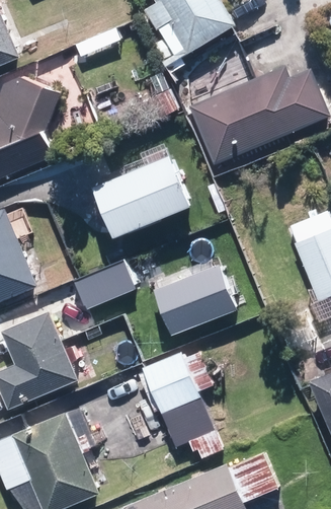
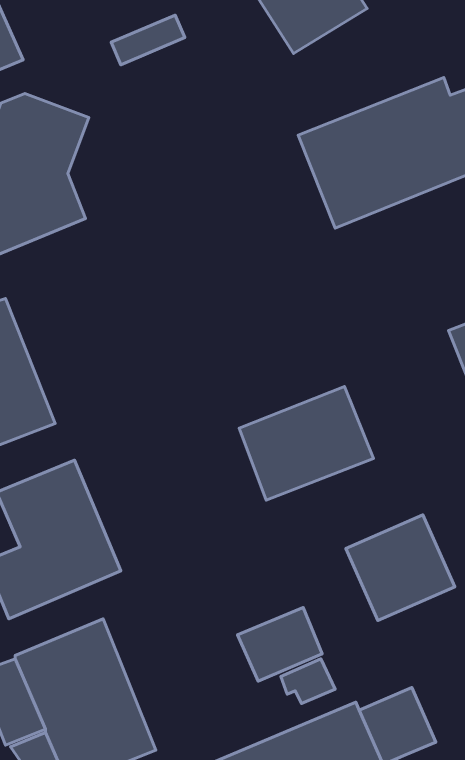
building: [98,152,199,237] -> none
building: [74,261,136,309] -> none
building: [133,351,201,418] -> [346,515,455,621]

